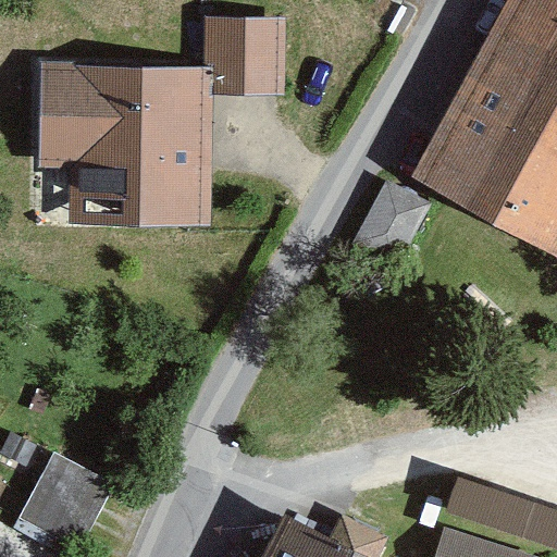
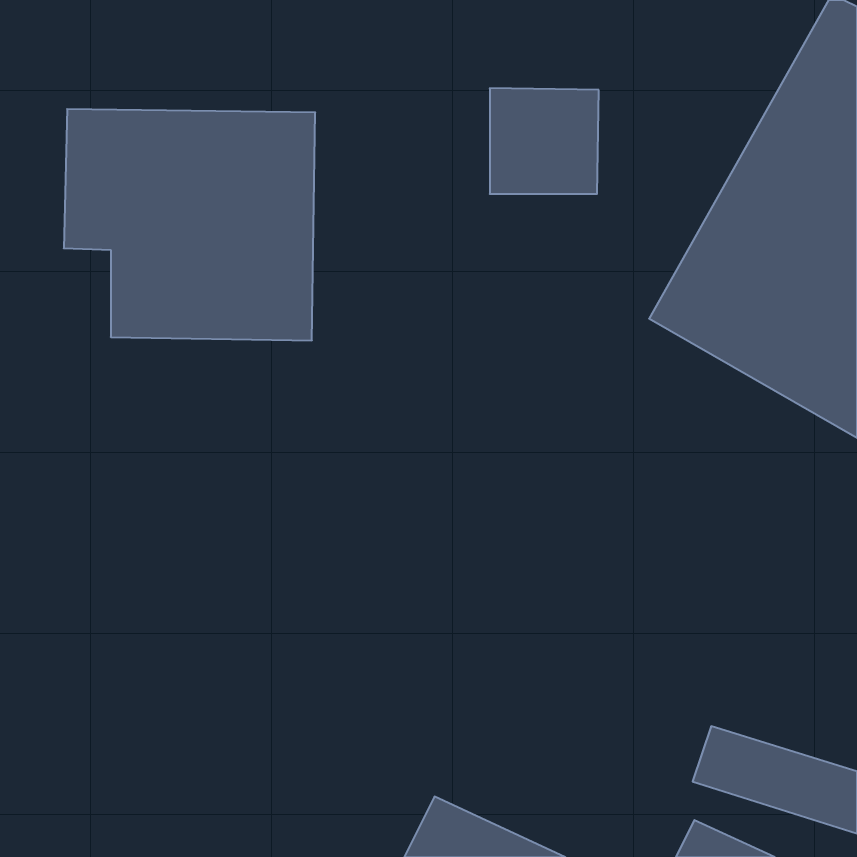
building: [212,21,283,89] -> [490,88,599,194]
building: [16,443,116,549] -> none

